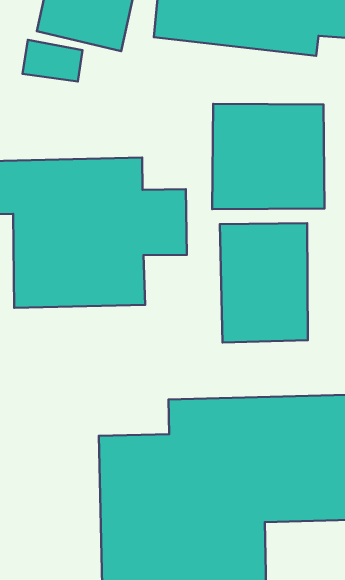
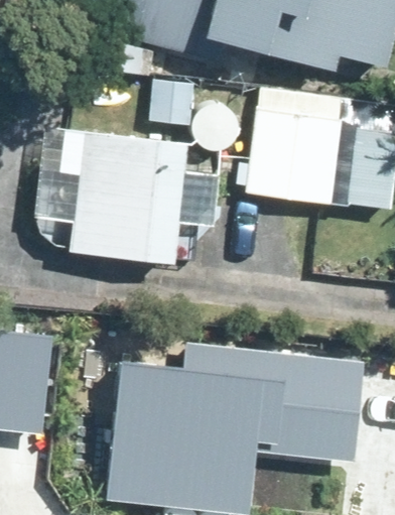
building: [220,223,308,342] -> none

